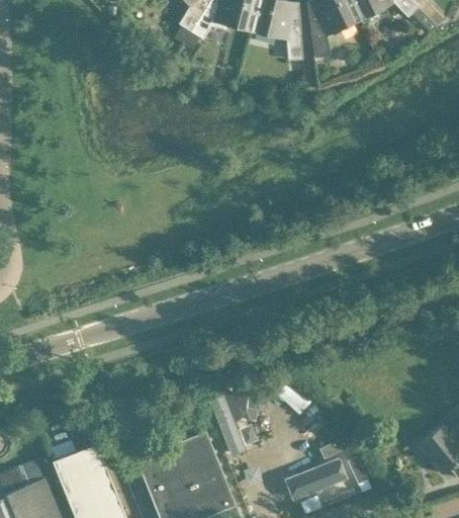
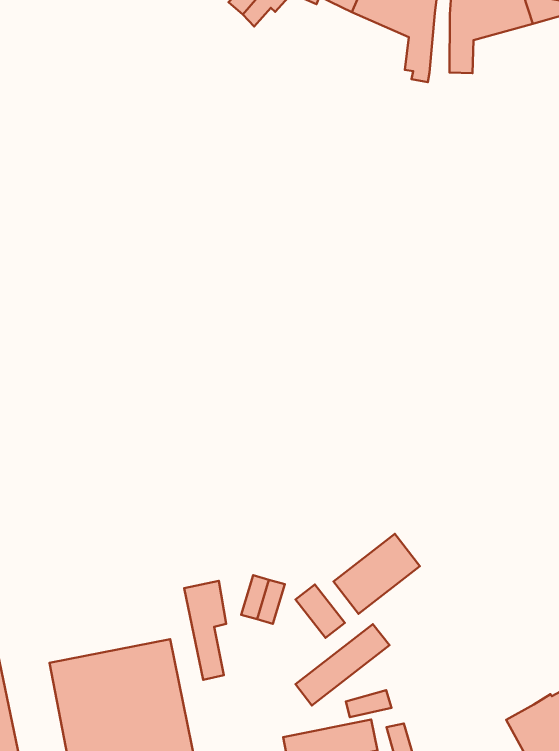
building: none -> [333,534,420,614]
building: none -> [295,624,389,705]

